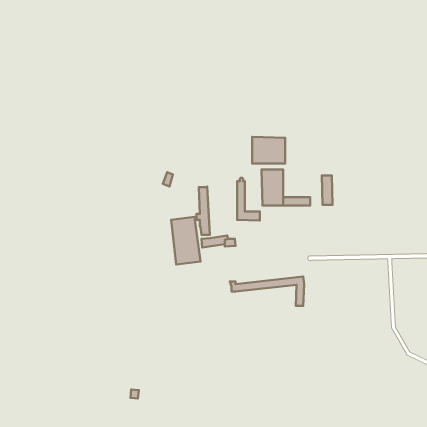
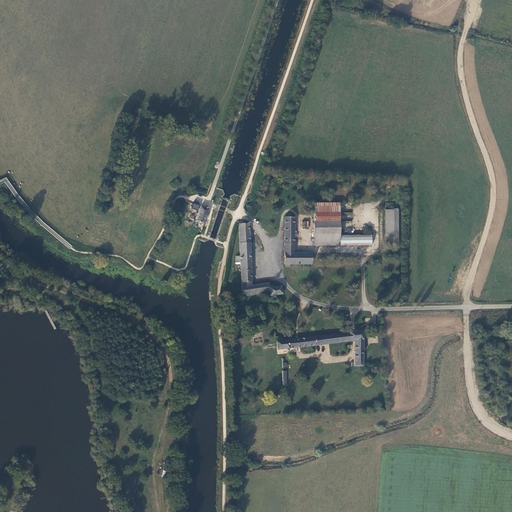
building: [252,137,285,164] -> none
building: [171,217,200,265] -> none

